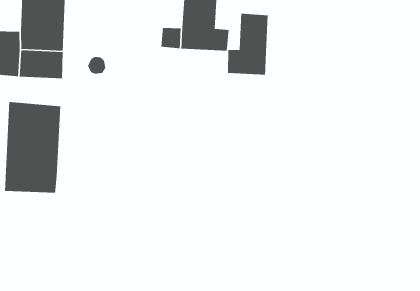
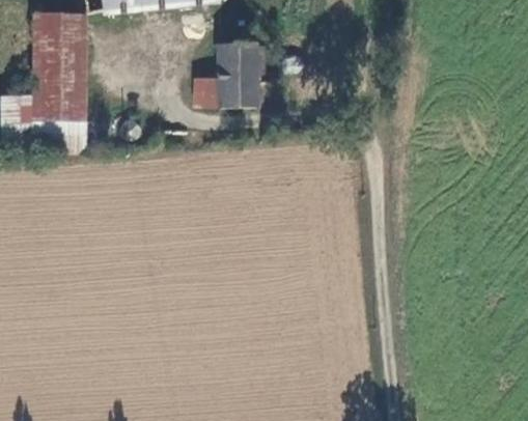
building: [227,13,268,75] -> none
building: [4,101,61,194] -> none

